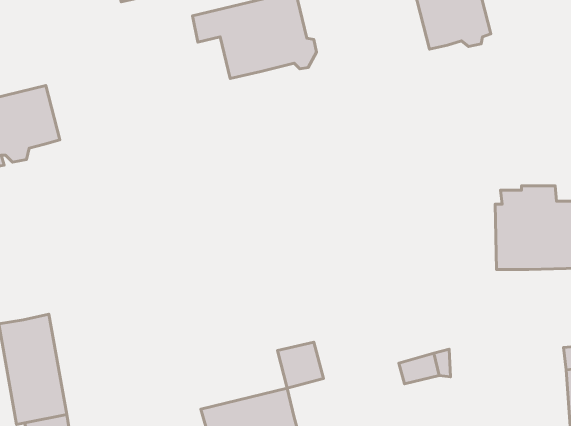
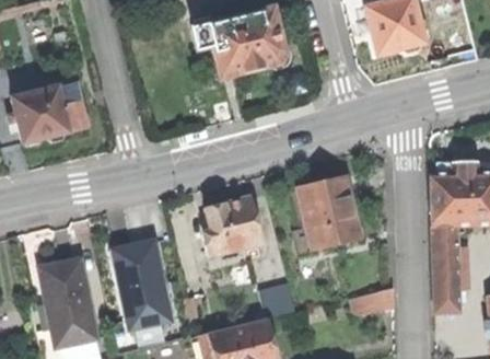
building: none -> [298,175,354,248]
building: none -> [205,197,261,255]
building: none -> [431,225,458,312]
building: none -> [115,242,171,327]

